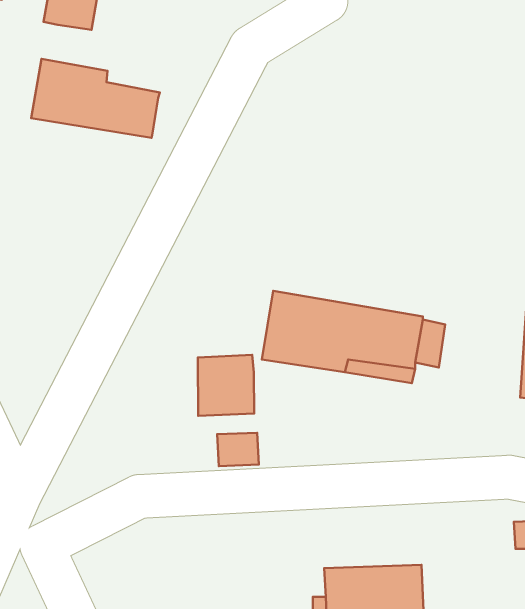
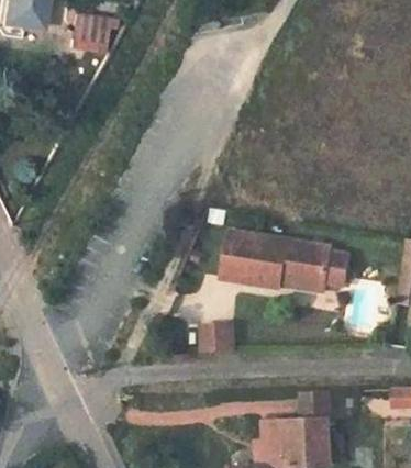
building: [31,59,160,138] -> none
building: [198,355,254,416] -> none

